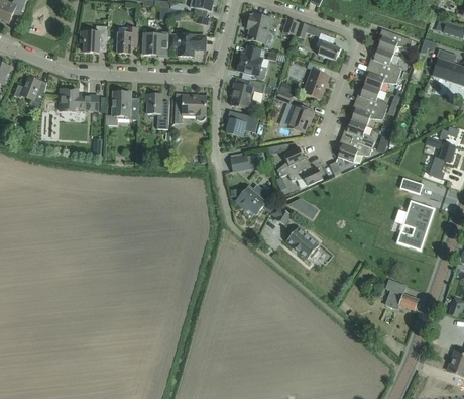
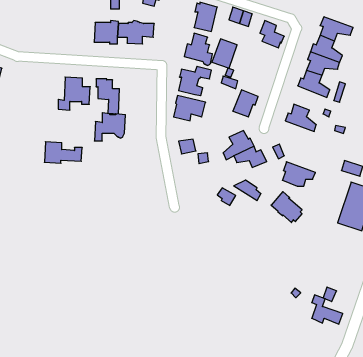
building: [80,25,107,53] -> none
building: [116,27,137,54] -> none
building: [302,69,328,99] -> [212,39,237,68]
building: [59,89,98,111] -> [44,142,82,163]
building: [173,94,206,123] -> [94,113,125,141]
building: [350,100,384,125] -> none
building: [337,136,371,162] -> [282,162,315,186]
building: [235,184,270,214] -> none
building: [285,226,318,259] -> [271,192,302,223]
building: [385,280,418,310] -> [312,295,343,324]

